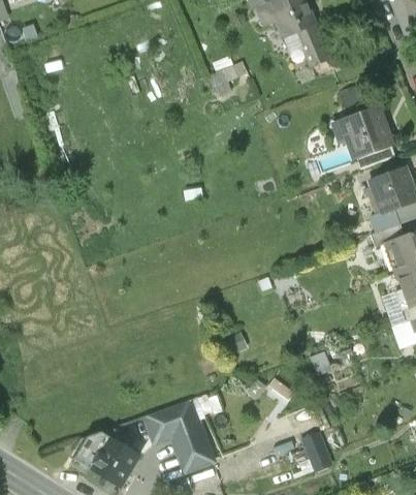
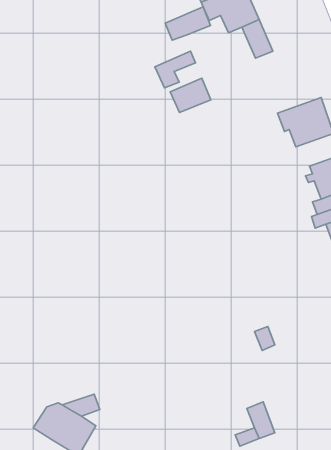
building: none -> [165,7,210,40]
building: none -> [170,78,211,113]
building: [143,399,213,470] -> none

